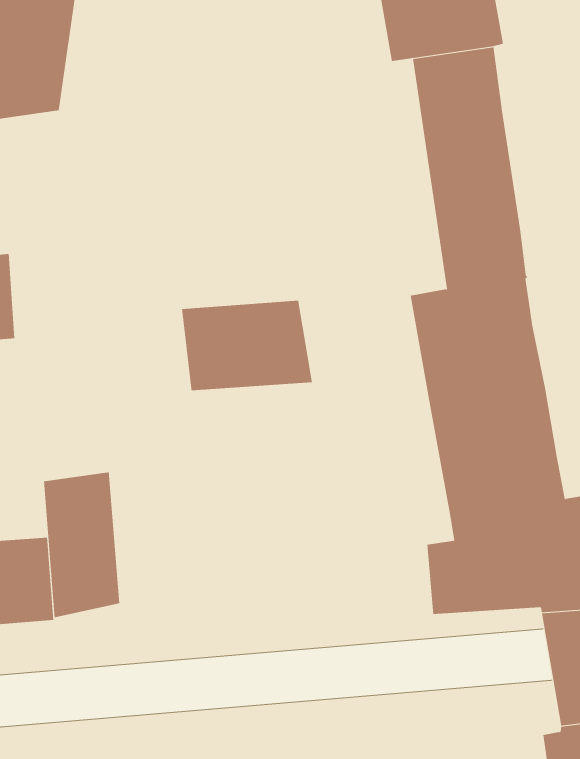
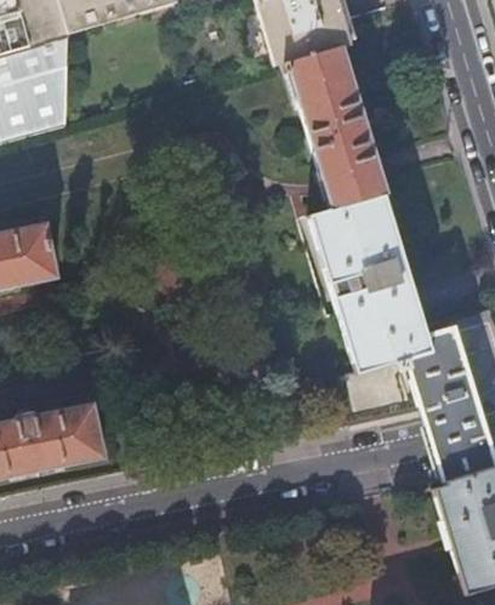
building: [182,300,312,391] -> none
building: [43,472,120,618] -> none

